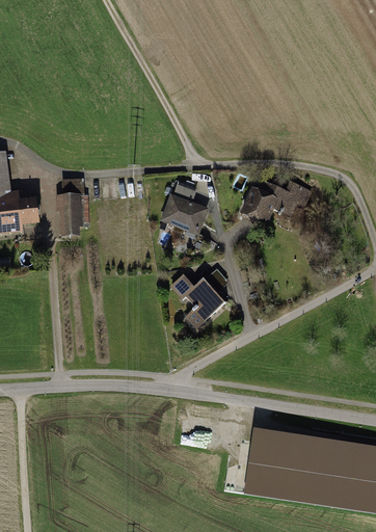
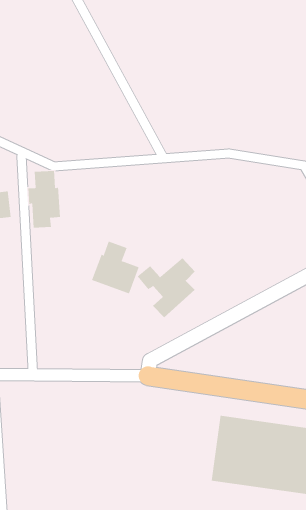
building: [239,178,312,223] -> none
building: [161,179,211,234] -> [91,241,140,294]

